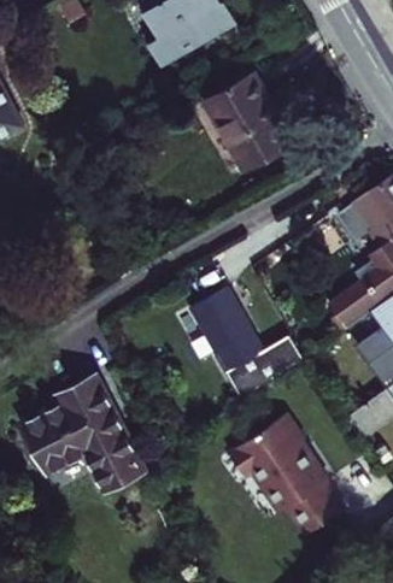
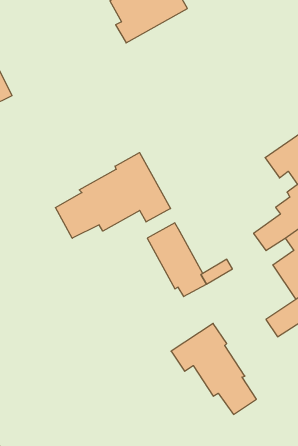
building: [215,73,304,170] -> none
building: none -> [55,153,171,238]
building: [23,383,143,495] -> none

